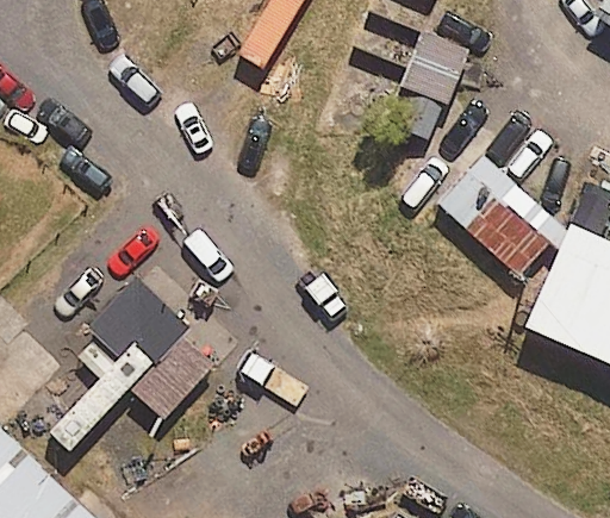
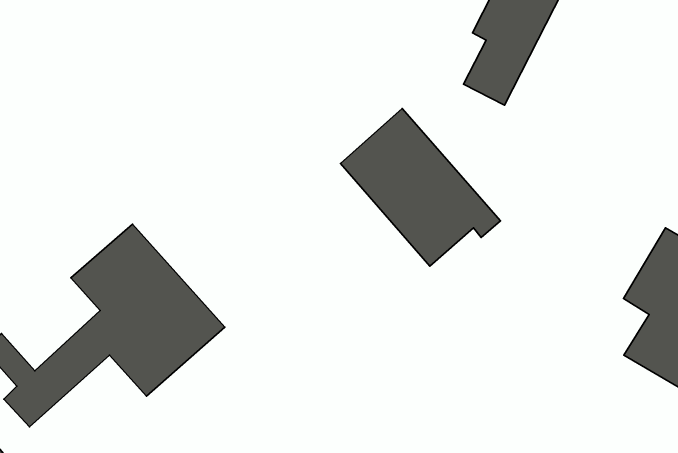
building: [435,151,572,277] -> [340,109,501,266]

